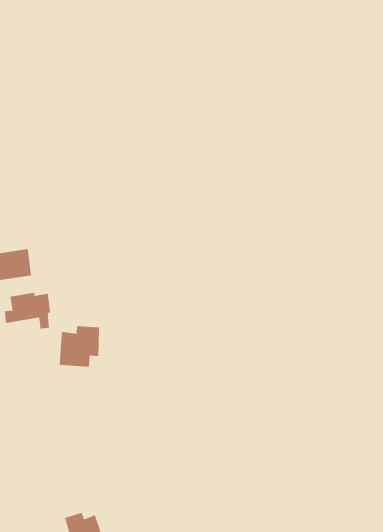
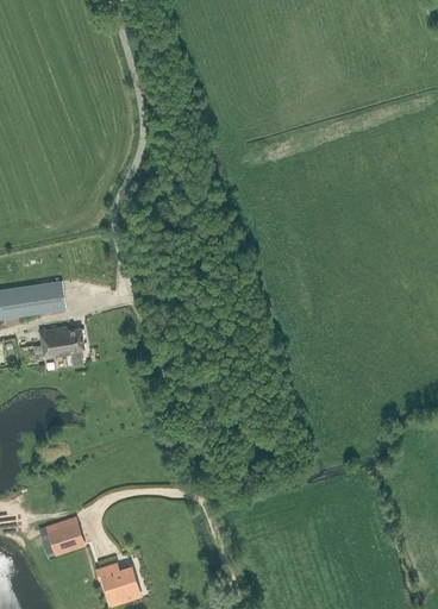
building: [59,325,100,368] -> none
building: none -> [45,521,85,555]

